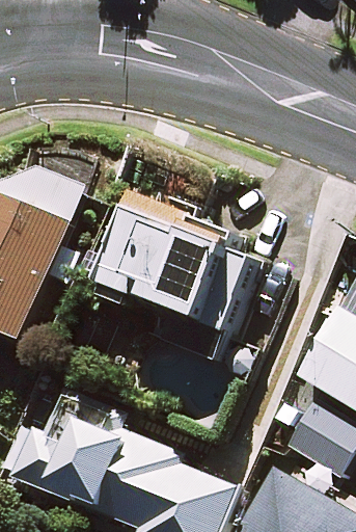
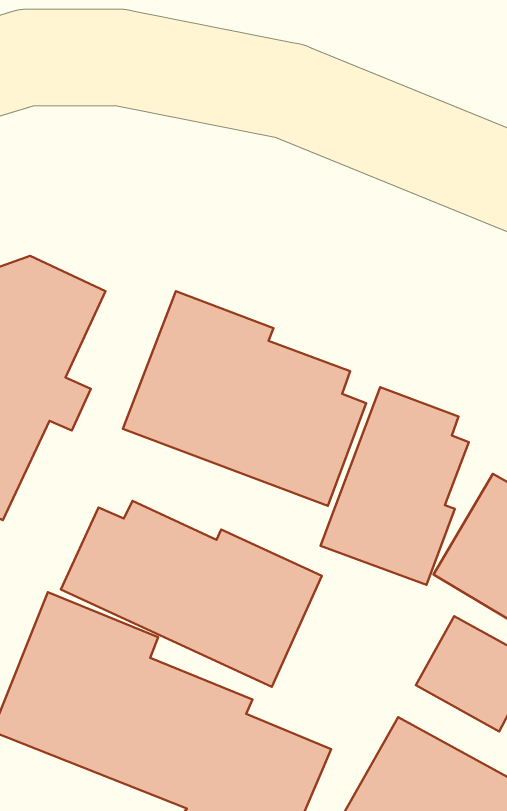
building: none -> [320,387,469,585]
building: none -> [61,501,322,687]

